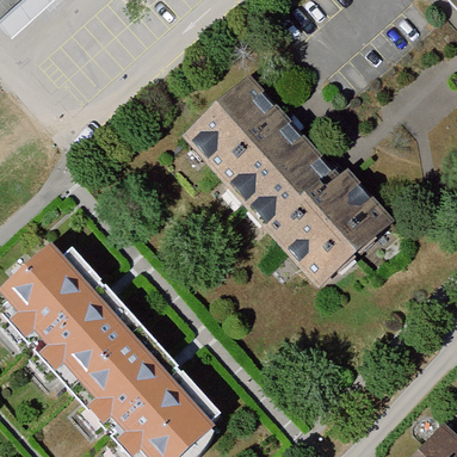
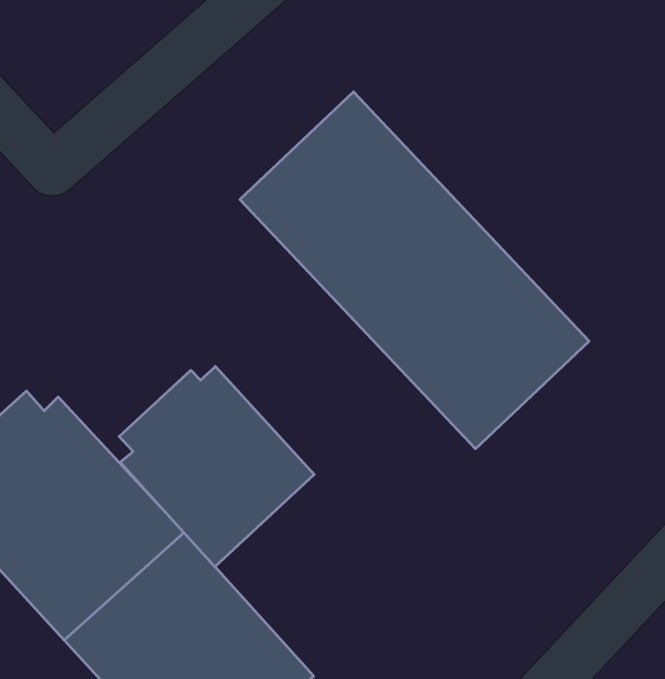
building: none -> [119,366,314,567]

